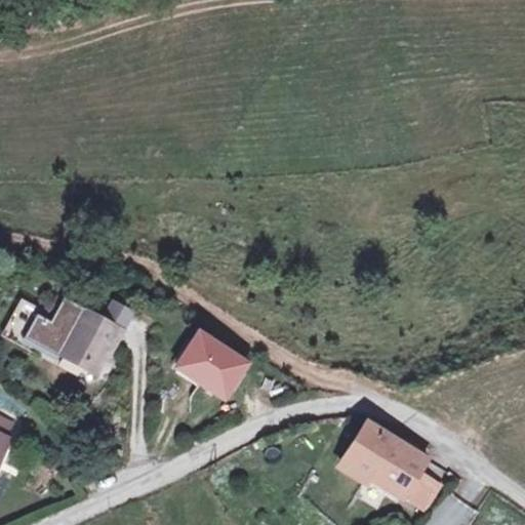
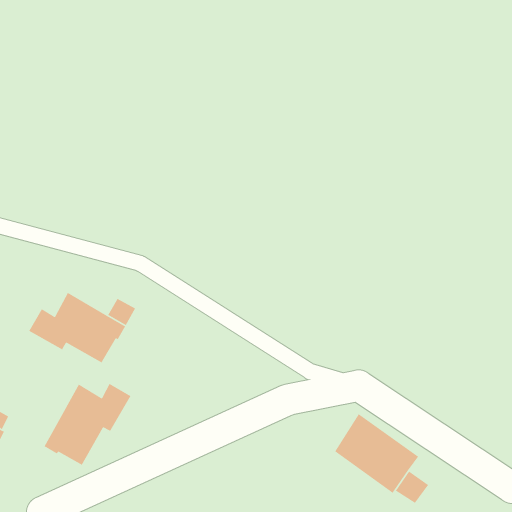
building: [176,332,245,398] -> none
building: none -> [43,383,131,466]

